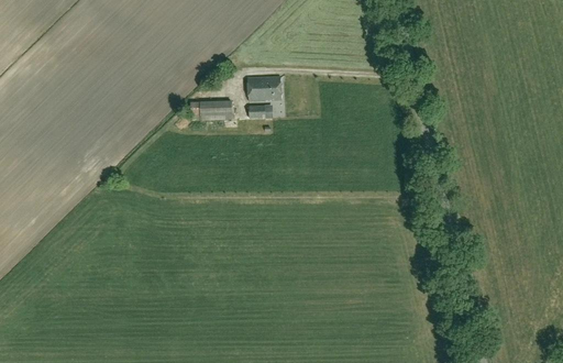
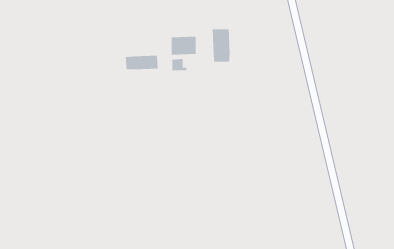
building: none -> [212,28,230,62]

